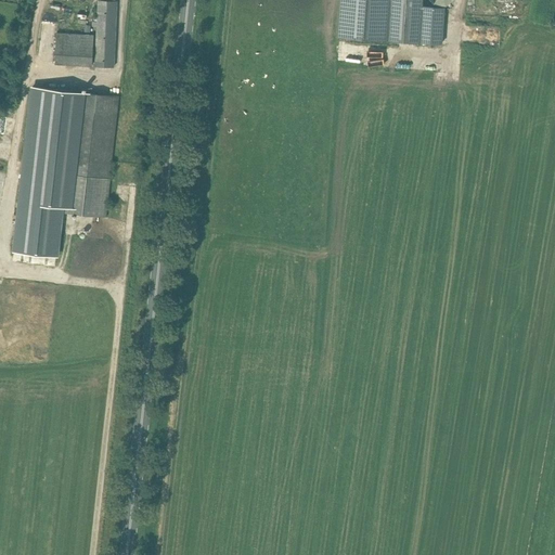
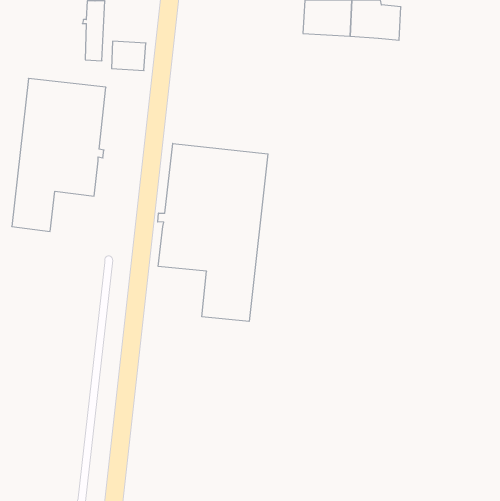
building: [54,33,92,65] -> [112,41,146,71]
building: none -> [158,143,268,321]

